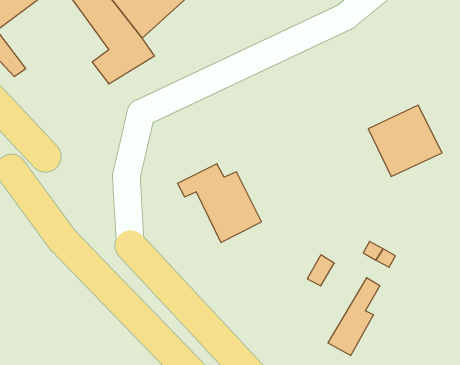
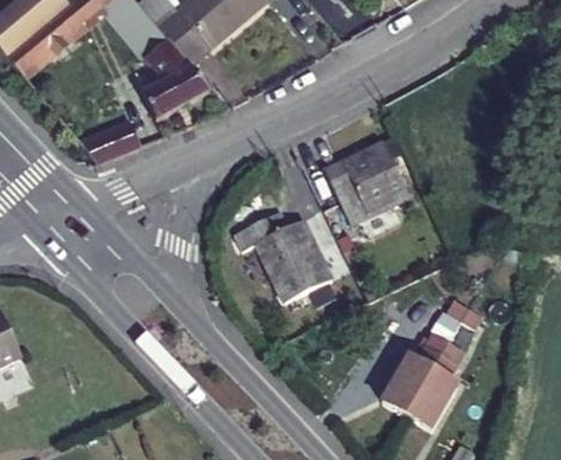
building: none -> [76,121,134,160]
building: [368,105,442,177] -> [325,143,410,225]
building: none -> [383,331,450,415]

